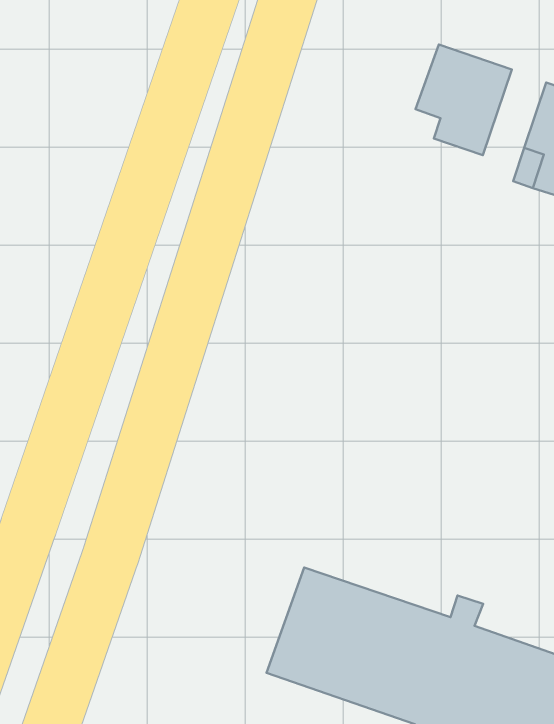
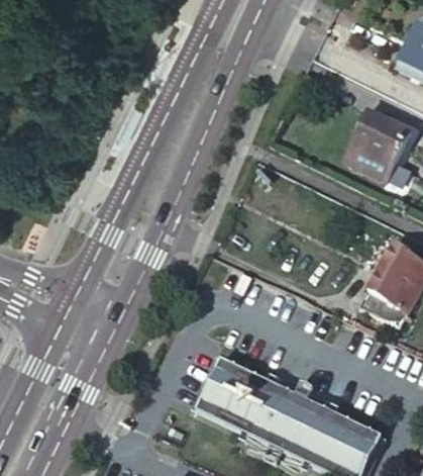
building: [415,45,512,155] -> none

